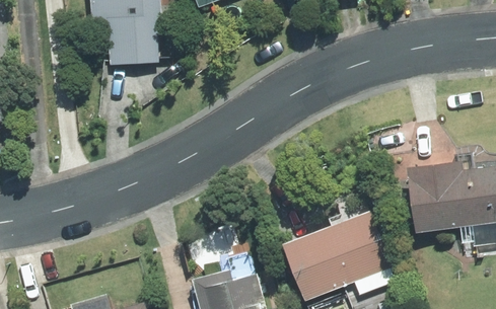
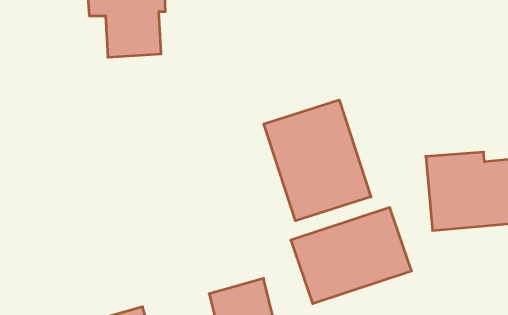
building: none -> [264,100,371,221]

